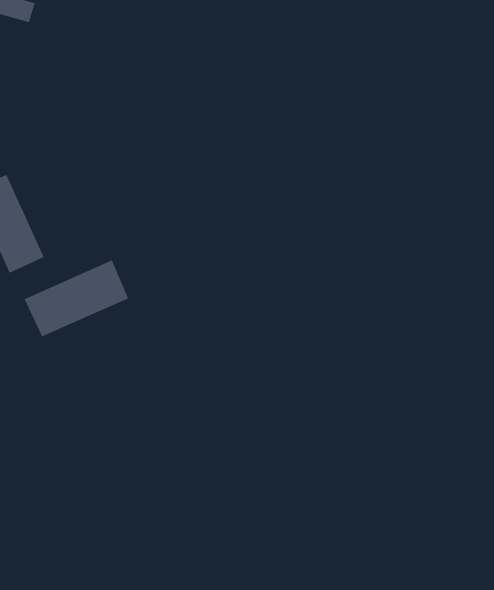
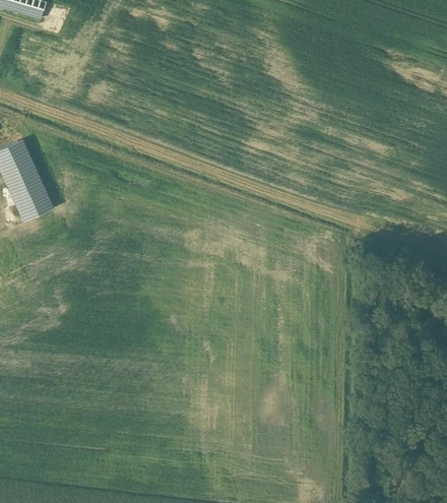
building: [24,260,129,337] -> none

